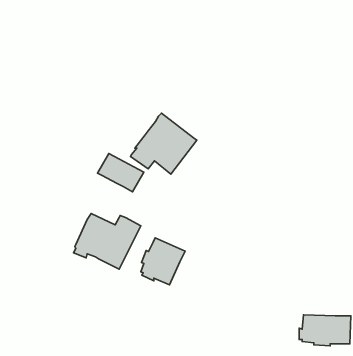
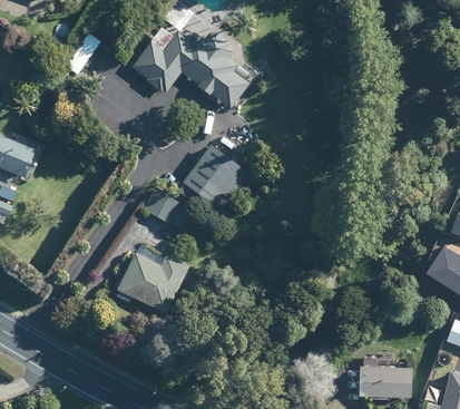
building: none -> [131,30,248,108]
building: [141,238,185,285] -> none

